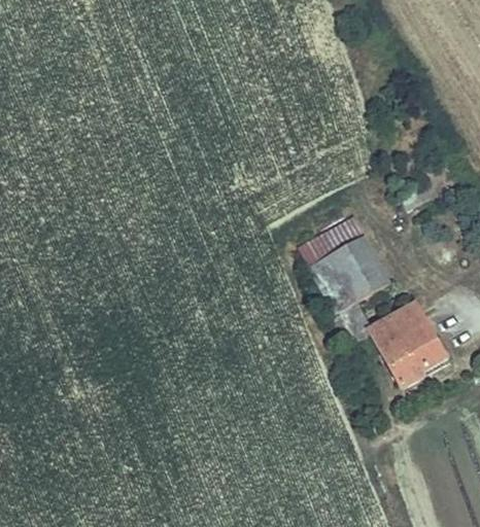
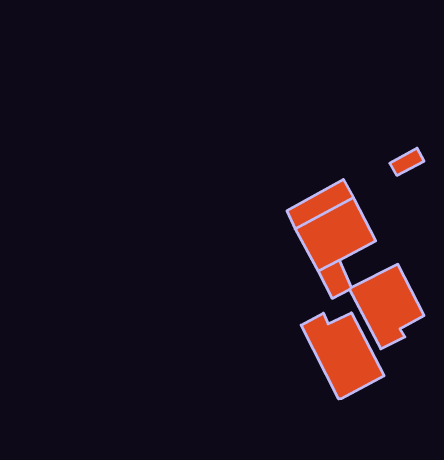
building: none -> [301,313,384,399]

